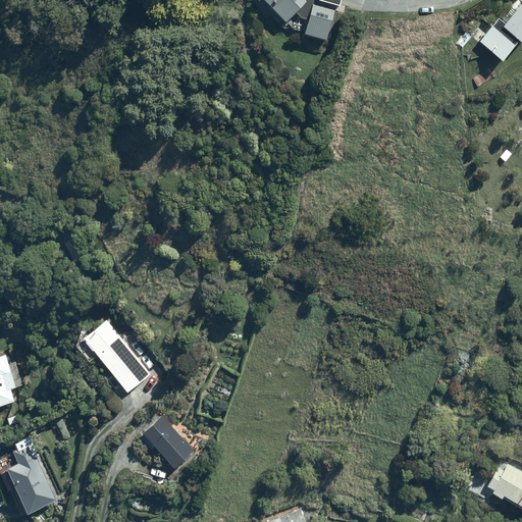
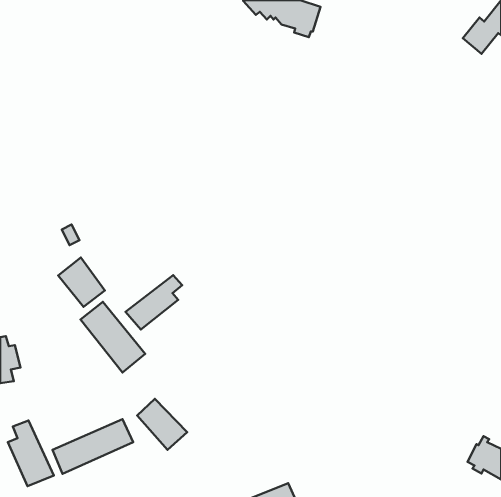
building: none -> [58,257,105,307]
building: none -> [126,275,182,330]
building: none -> [52,419,133,474]

